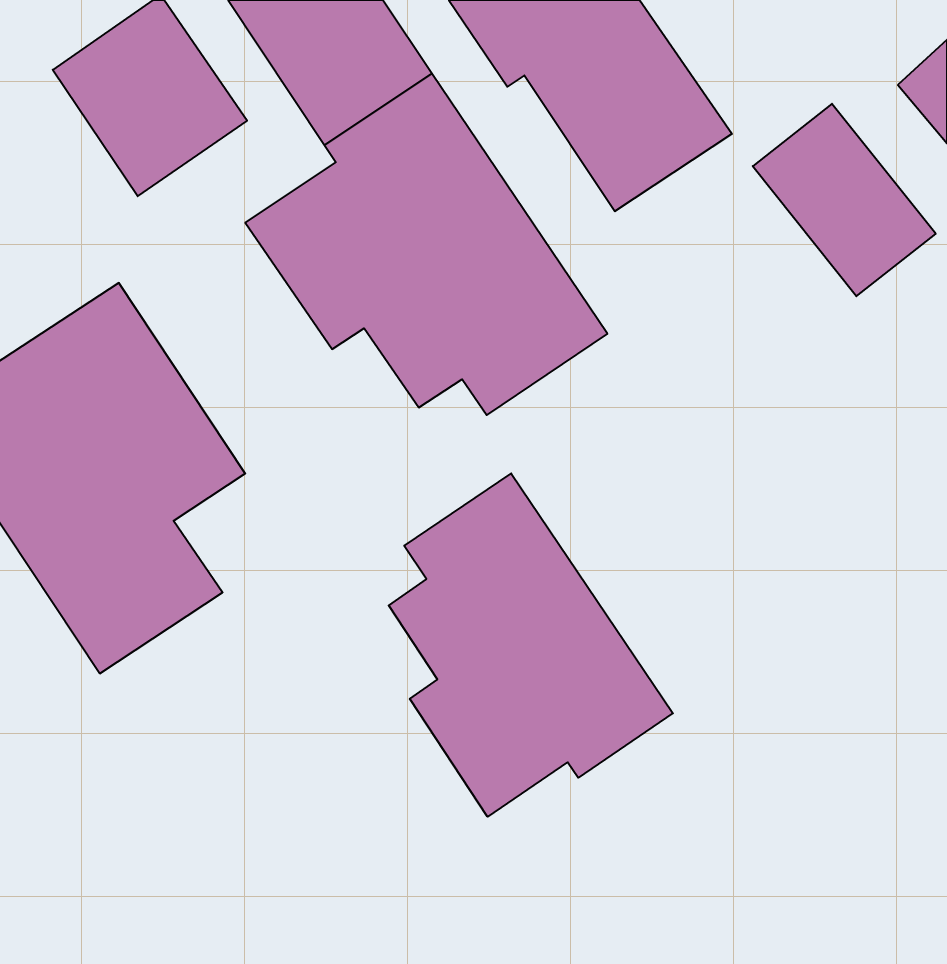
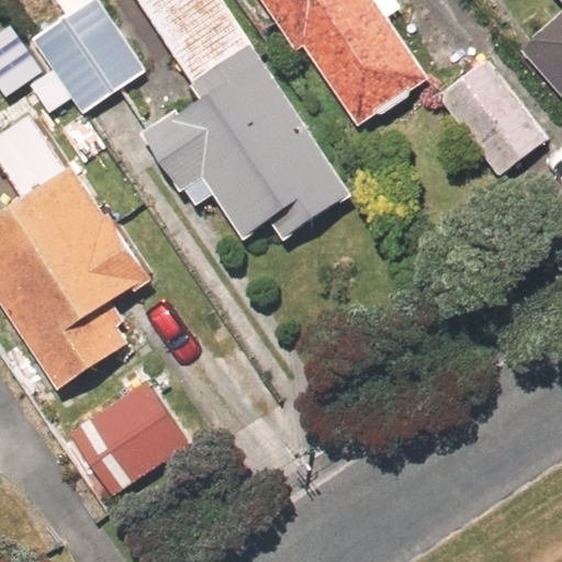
building: [389,473,673,817] -> none
building: none -> [69,381,186,494]

